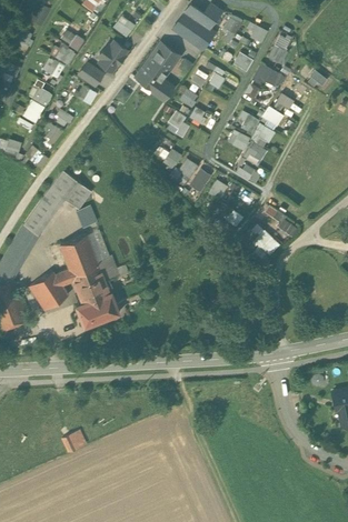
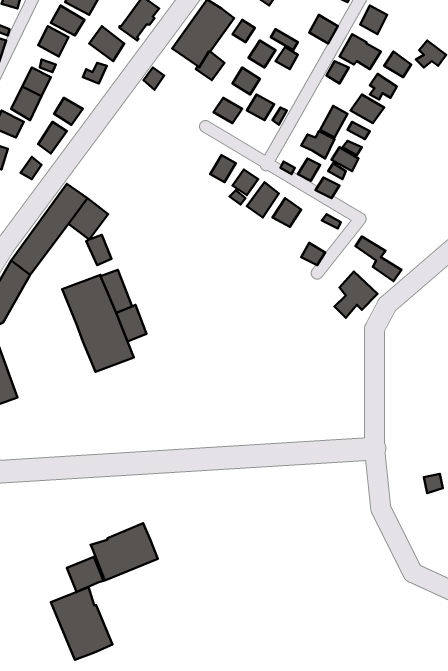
building: [28,268,73,310] -> none
building: [74,290,119,327] -> none
building: none -> [90,523,158,581]
building: none -> [51,587,112,660]

